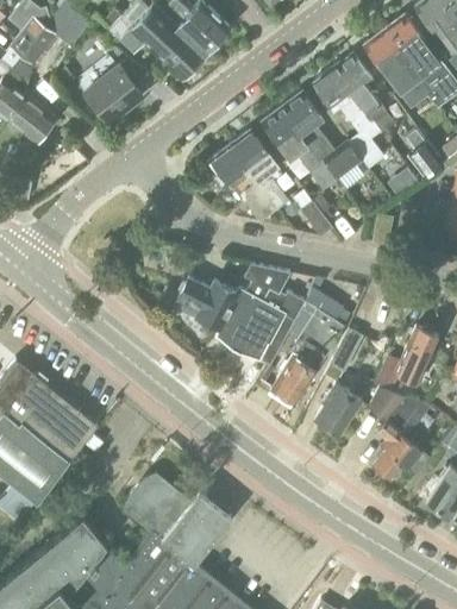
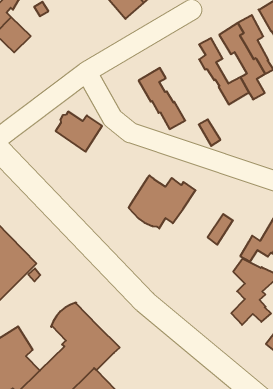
building: [83,65,146,127] -> none
building: [262,102,337,192] -> none
building: [237,131,288,208] -> none
building: [245,266,289,302] -> none
building: [174,278,237,331] -> [56,112,102,152]
building: [273,289,343,402] -> none
building: [314,384,362,437] -> none

